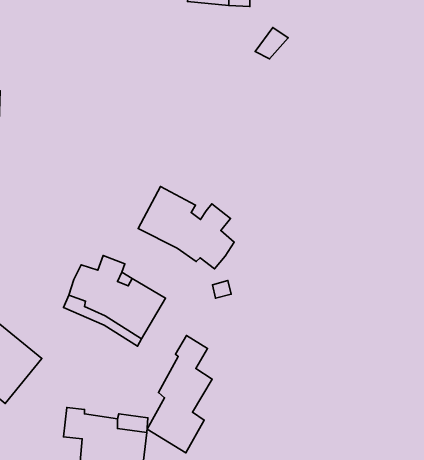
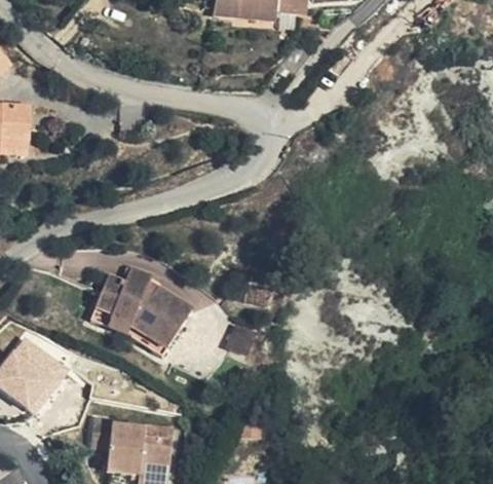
building: [138,186,234,269] -> none
building: [147,335,212,453] -> none

